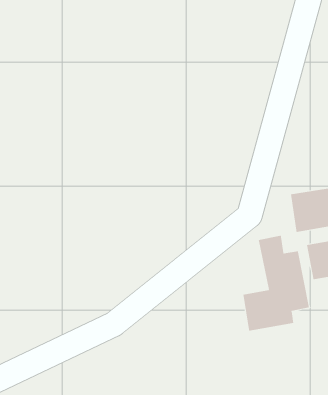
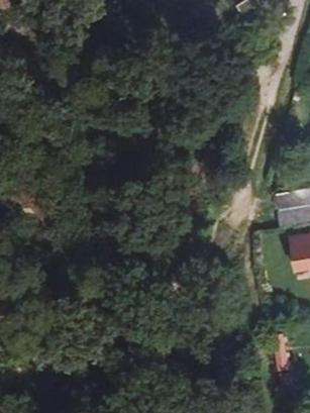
building: [243,235,310,331] -> none

